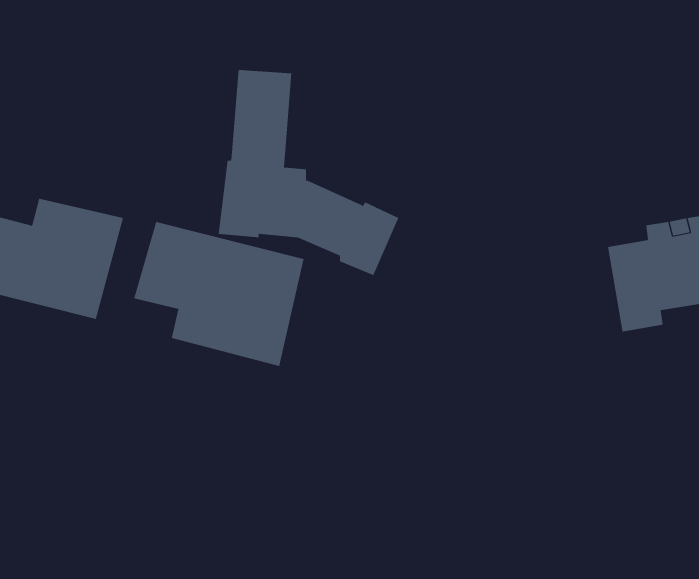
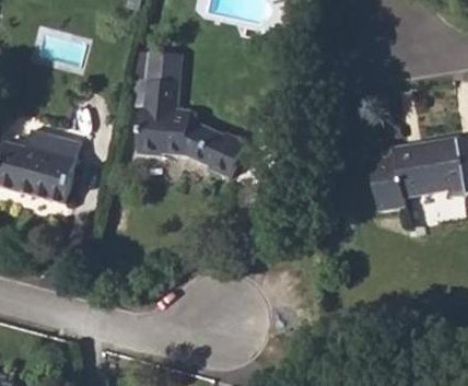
building: [134,221,304,367] -> none

